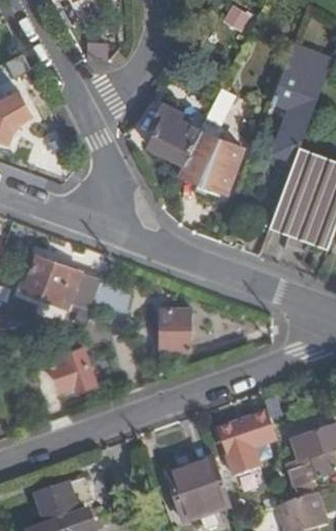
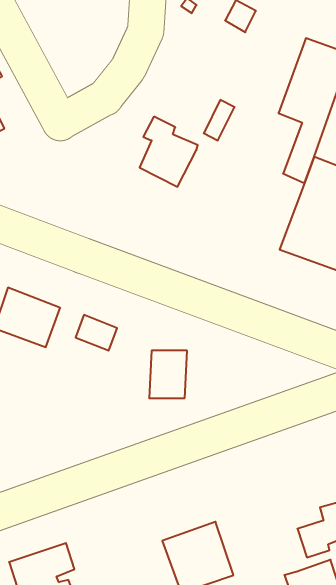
building: [178,135,240,195] -> none
building: [49,347,93,391] -> none
building: [218,413,277,477] -> none

